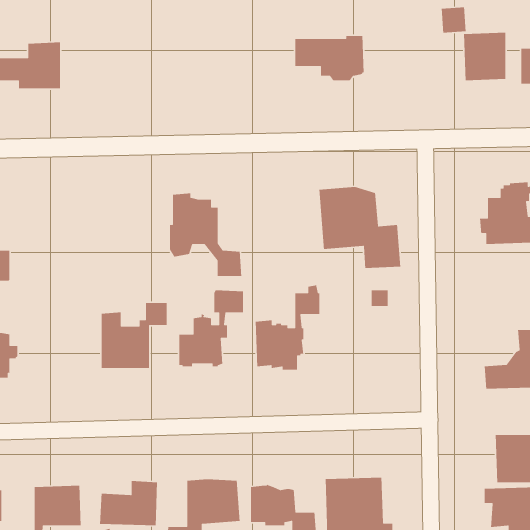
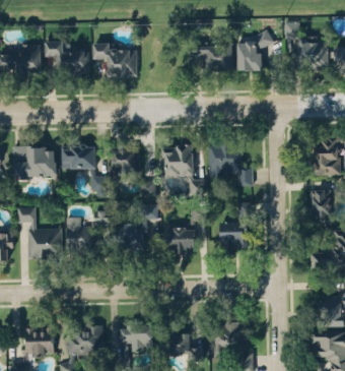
building: none -> [238,29,273,68]
building: none -> [45,43,88,77]
building: none -> [93,43,137,78]
building: none -> [12,140,58,179]
building: none -> [159,142,204,194]
building: none -> [62,148,95,171]
building: none -> [306,188,331,224]
building: none -> [17,209,61,261]
building: none -> [221,221,249,254]

